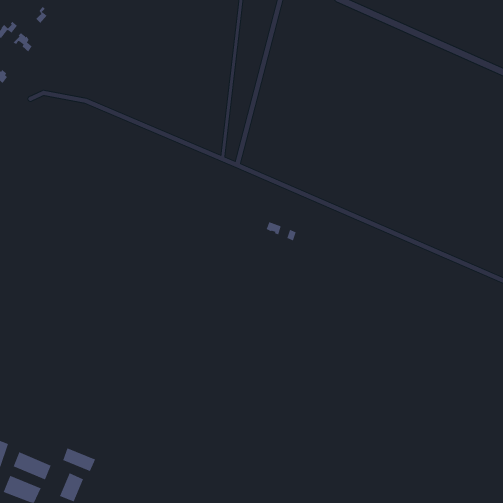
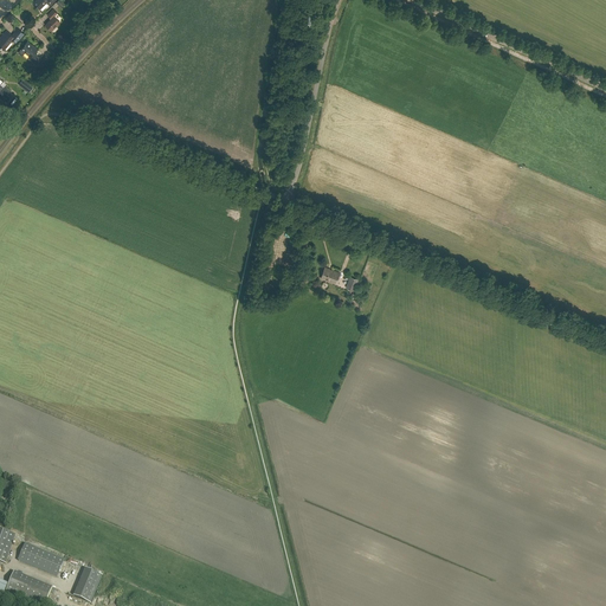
building: [63,447,96,472] -> none

